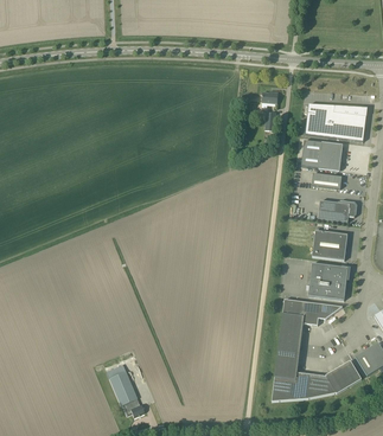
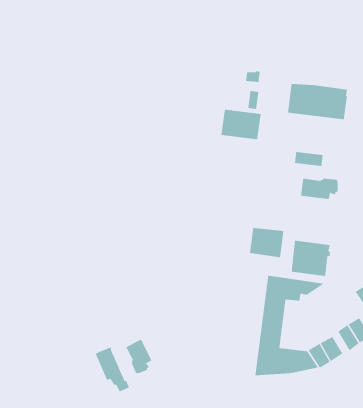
building: [301,140,343,171] -> [221,109,261,140]
building: [312,230,347,261] -> [249,227,284,258]
building: none -> [126,339,152,374]

